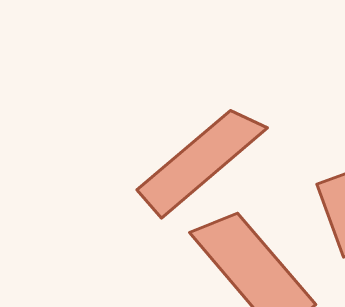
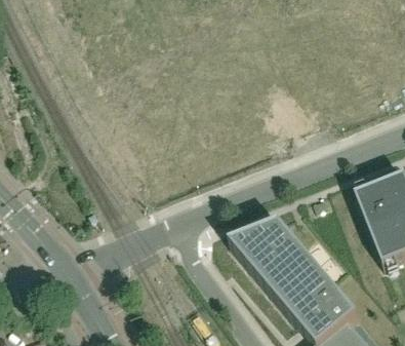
building: [137,110,267,218] -> none

